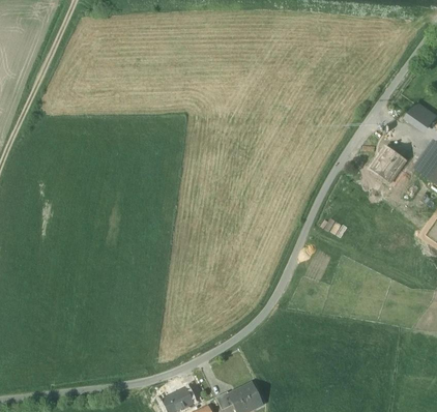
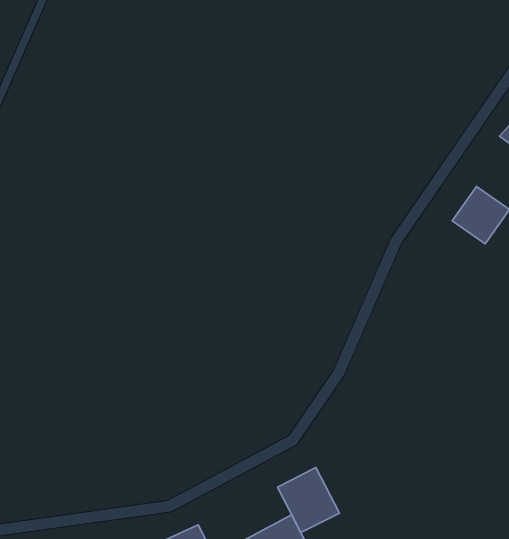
building: none -> [277,468,340,533]

